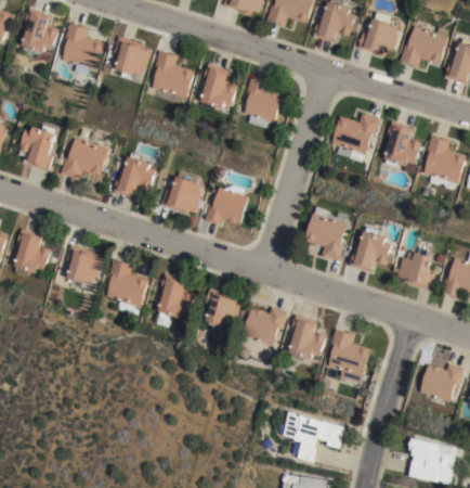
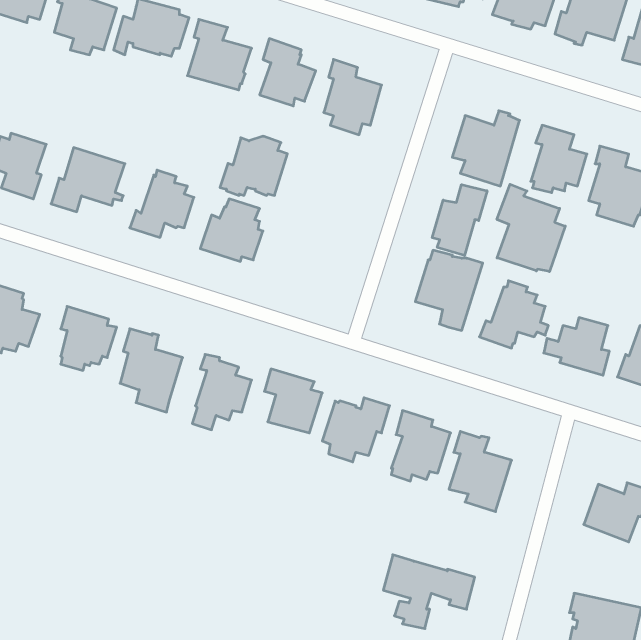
building: none -> [497,184,565,272]
building: none -> [432,185,487,255]
building: [205,184,250,224] -> [220,136,287,195]

